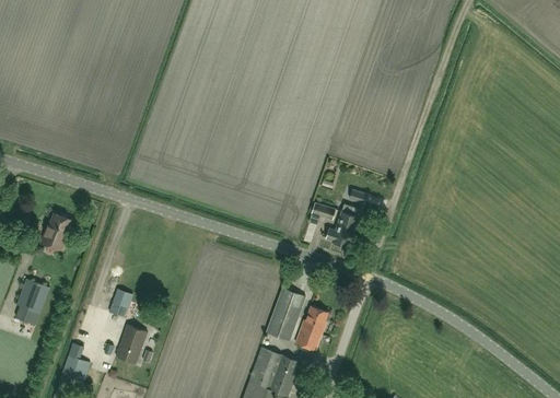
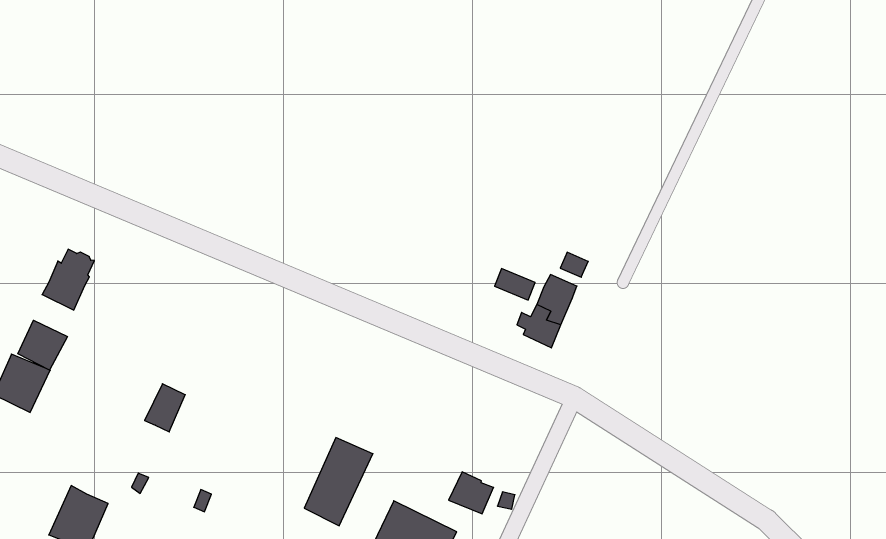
building: none -> [18,320,67,370]
building: [266,289,304,341] -> [304,438,373,526]
building: [301,306,327,335] -> none
building: [115,325,147,364] -> none

